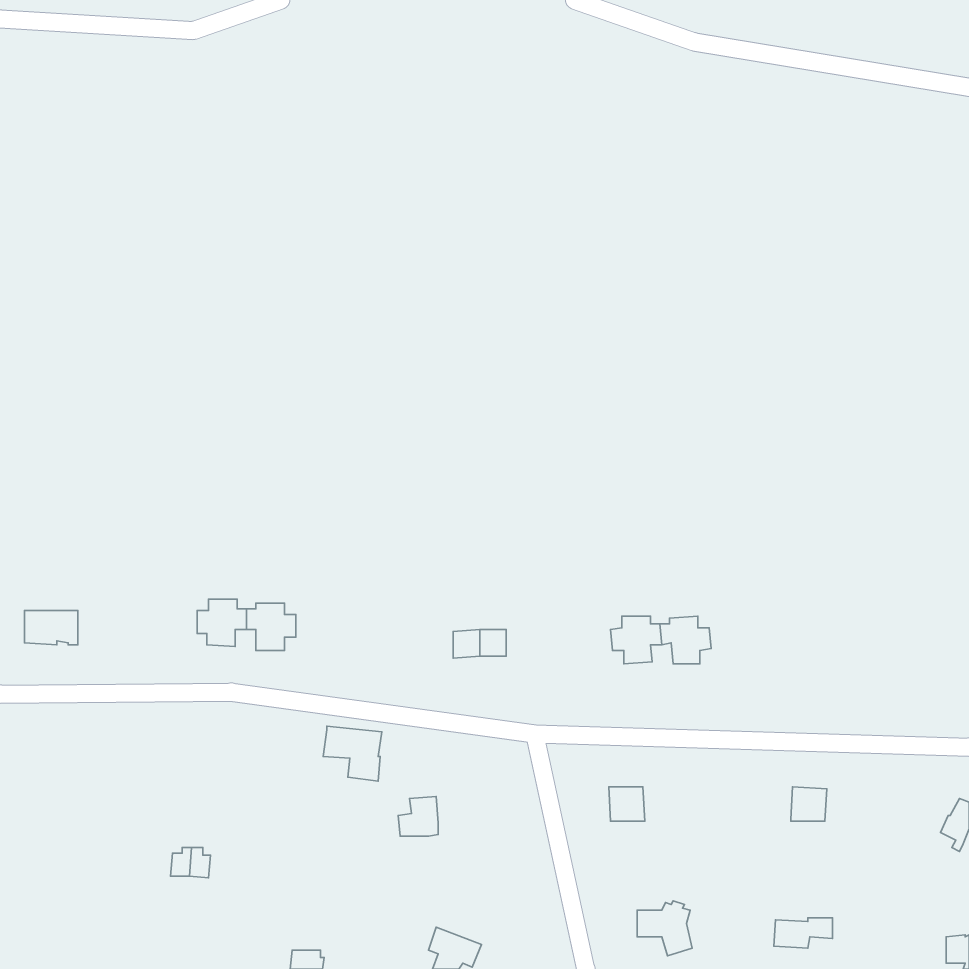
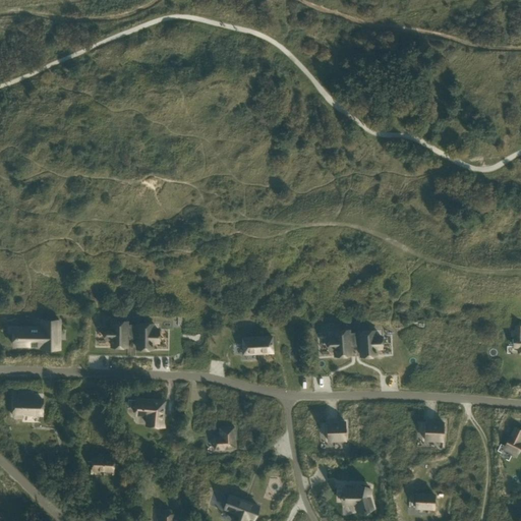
building: none -> [42,321,59,349]
building: [323,726,382,781] -> [134,398,166,427]
building: none -> [13,395,42,418]

